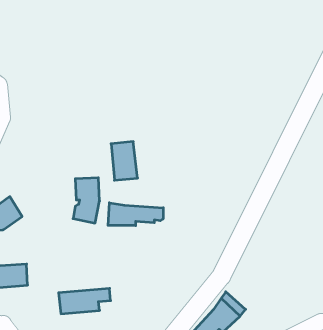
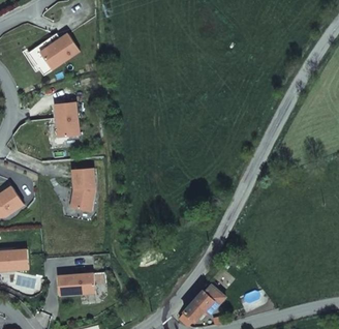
building: none -> [40,33,80,69]
building: [111,142,138,180] -> [55,101,80,138]
building: [108,203,163,226] -> none

